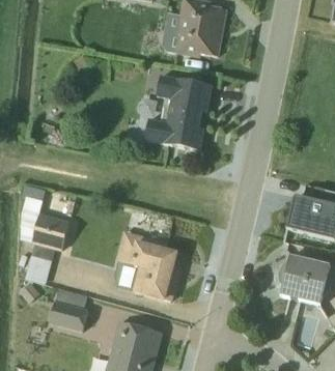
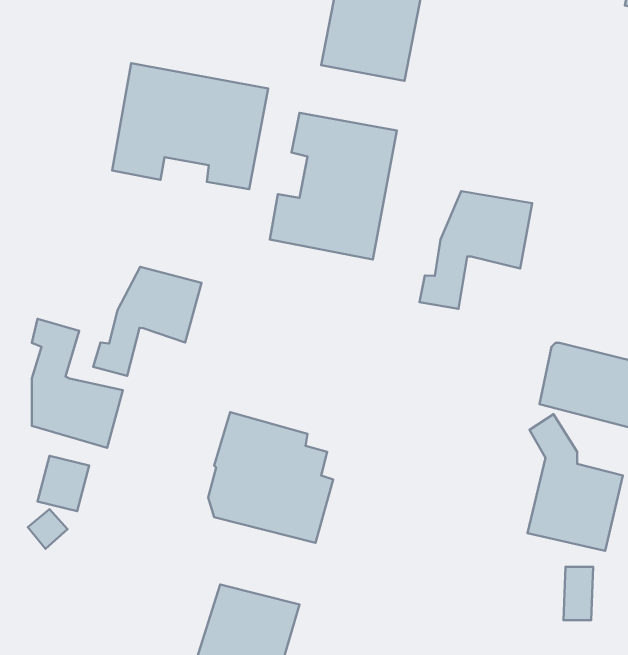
building: none -> [112,63,268,189]
building: none -> [419,191,532,309]
building: none -> [93,267,202,376]
building: [49,287,88,331] -> none

